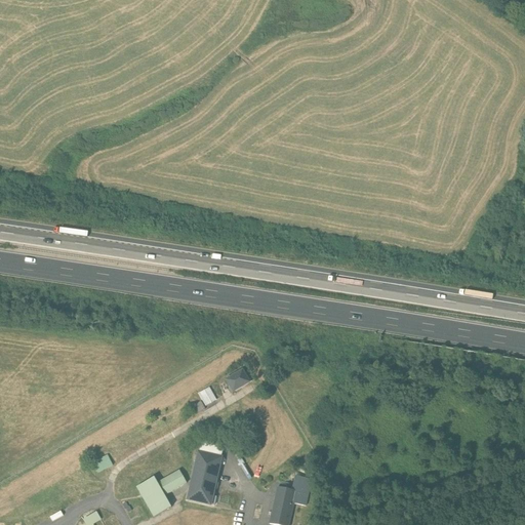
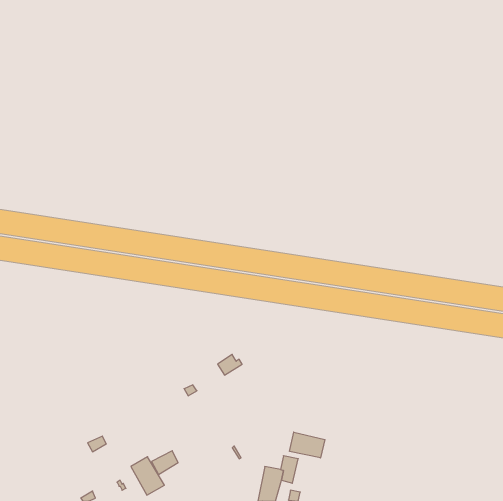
building: none -> [290,432,325,458]
building: [188,451,223,506] -> none

